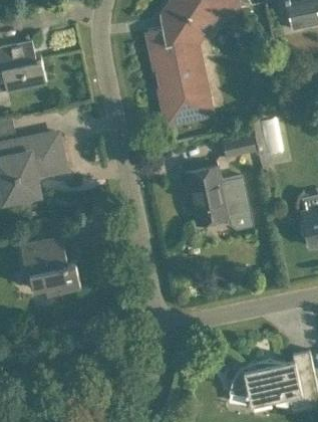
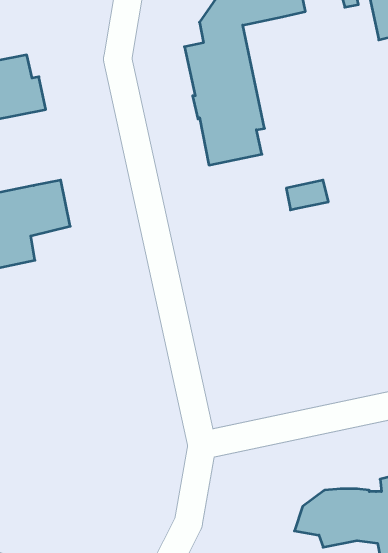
building: [186,166,250,223] -> none
building: [20,236,80,296] -> none

